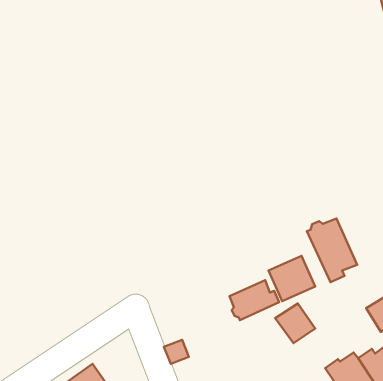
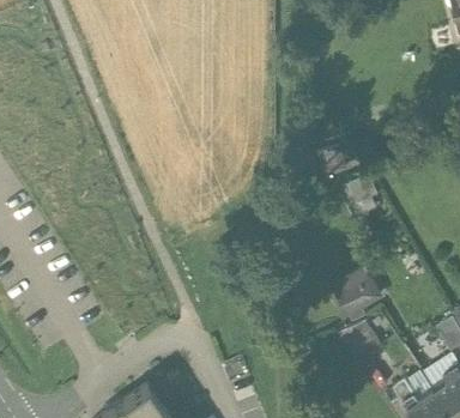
building: [307,218,357,282] -> none
building: [229,280,279,320] -> none

